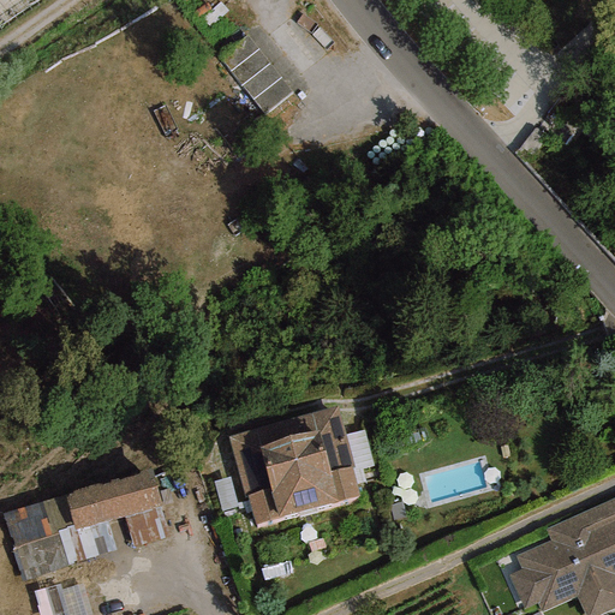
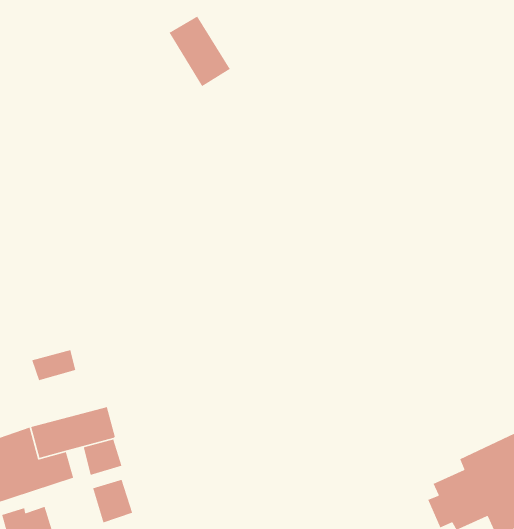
building: none -> [31,349,76,381]
building: [228,407,358,524] -> none
building: none -> [92,479,133,523]

